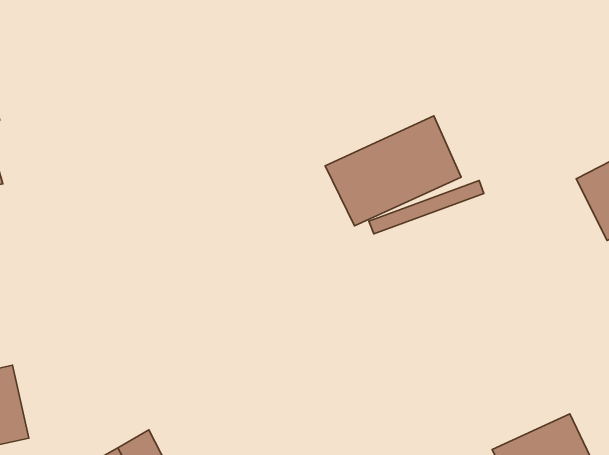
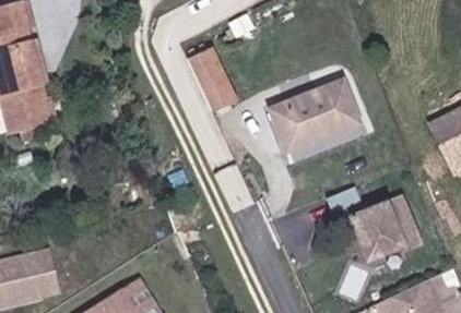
building: none -> [187,46,238,115]
building: none -> [351,191,422,257]

